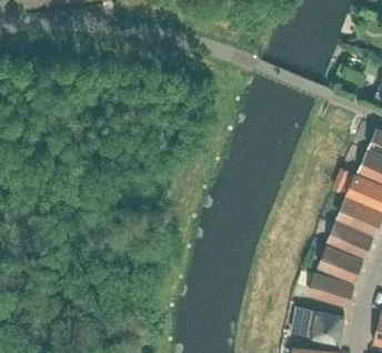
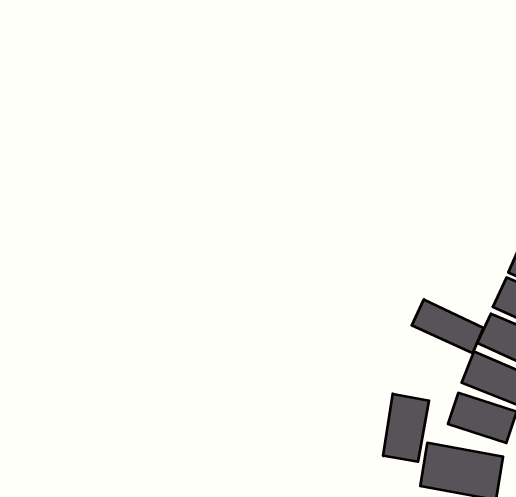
building: none -> [412,299,483,353]
building: none -> [383,394,429,462]

